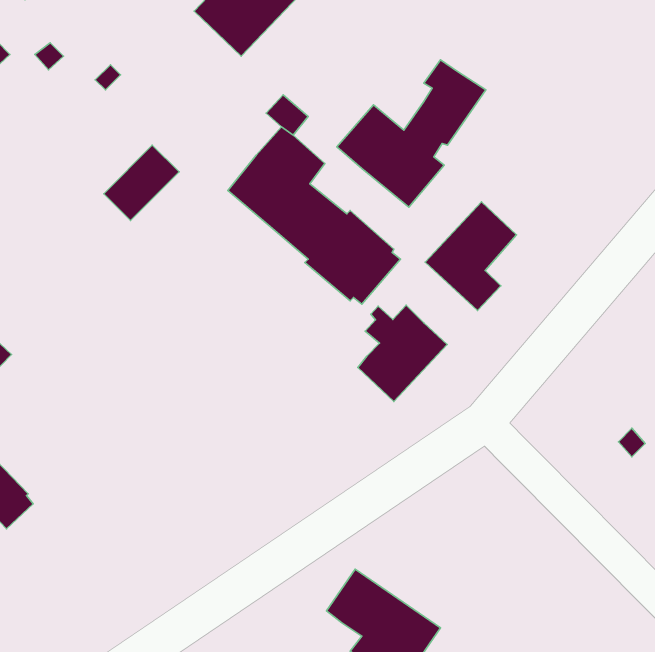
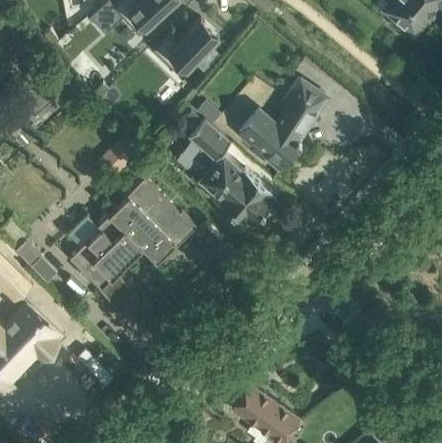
building: [425,202,516,311] -> none
building: none -> [68,178,197,313]
building: [358,305,447,401] -> none

